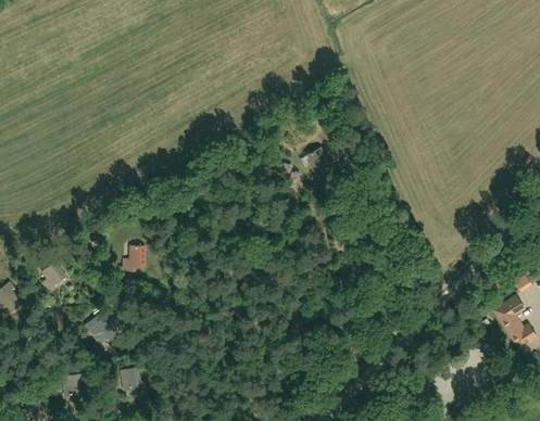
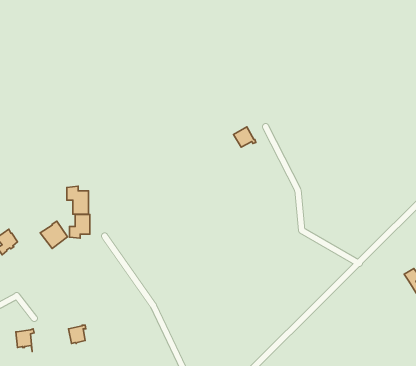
building: none -> [67,186,89,214]
building: [86,311,116,342] -> [40,221,68,249]

